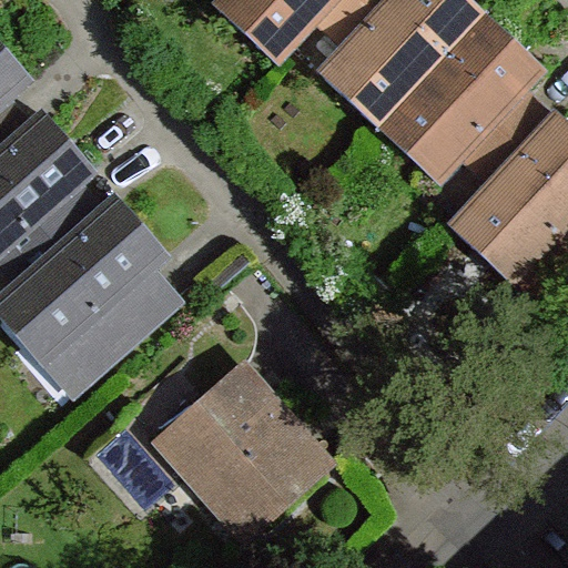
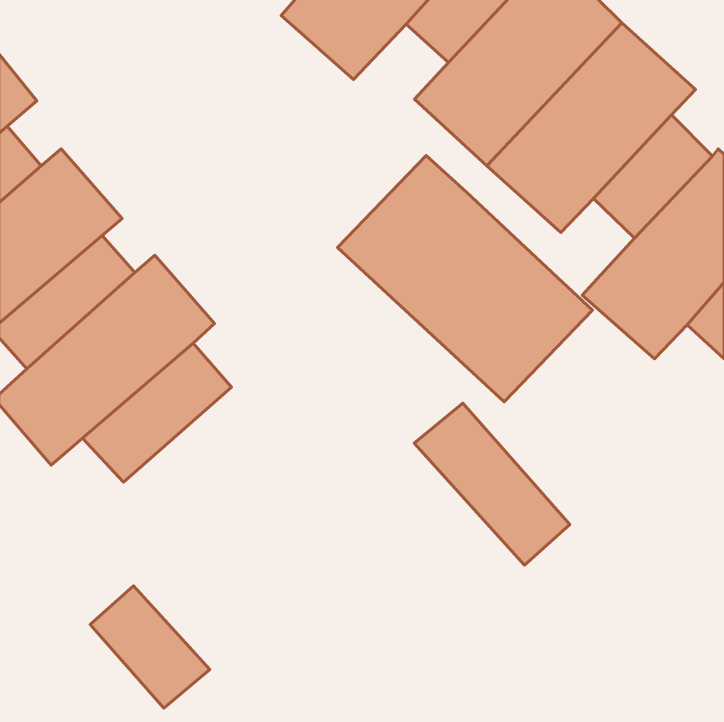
building: none -> [338,156,593,402]
building: none -> [414,403,570,565]
building: [161,369,329,528] -> none
building: none -> [90,586,210,708]

